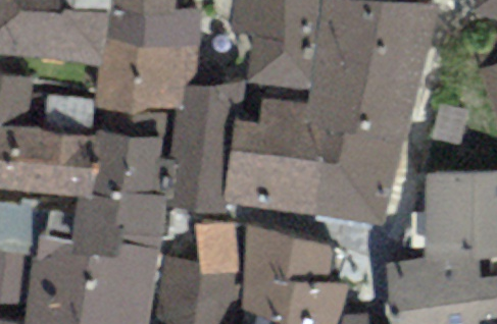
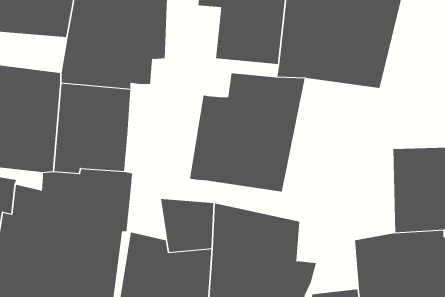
building: [158,80,244,214] -> none
building: [313,103,409,224] -> none

